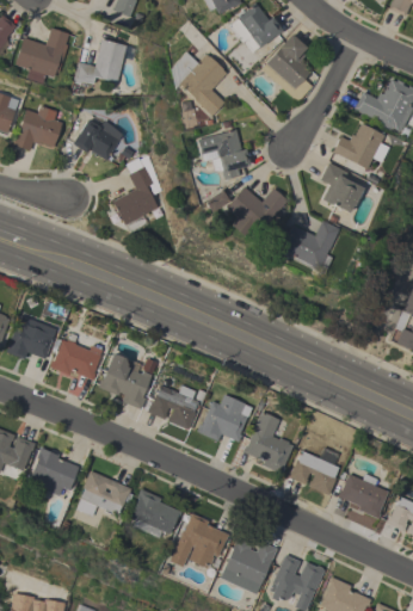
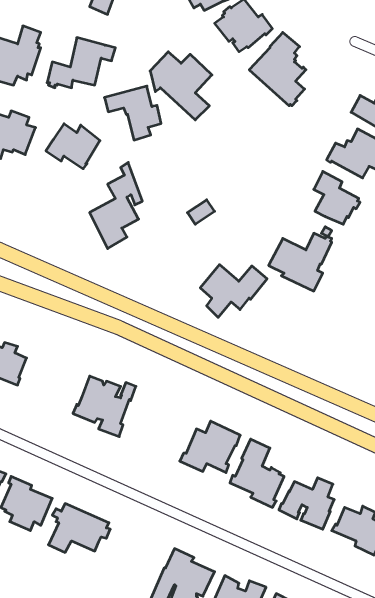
building: [197,129,249,179] -> [104,86,161,140]
building: [226,186,288,235] -> [200,265,267,317]
building: [50,331,105,379] -> none
building: [148,384,199,430] -> none
building: [131,488,181,537] -> none

